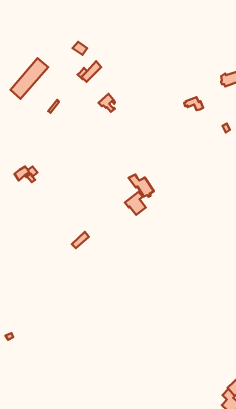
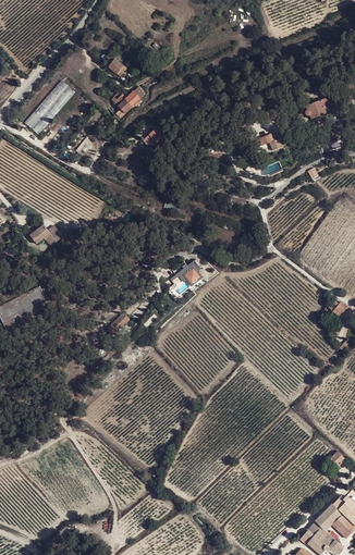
building: [129,175,154,197] -> none

